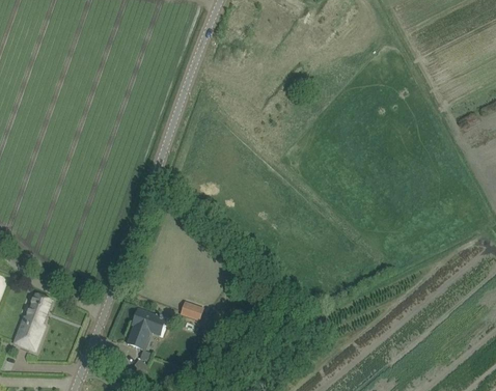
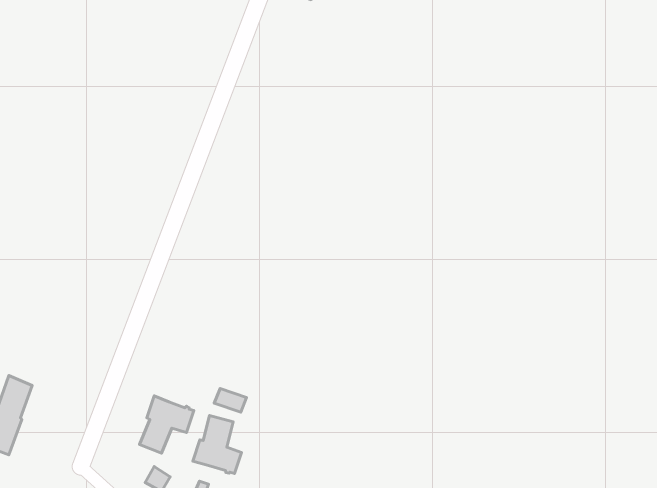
building: none -> [193,415,241,474]

